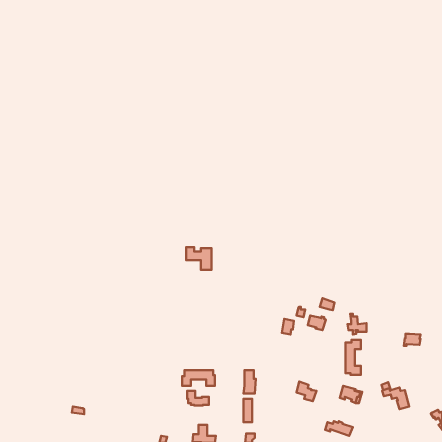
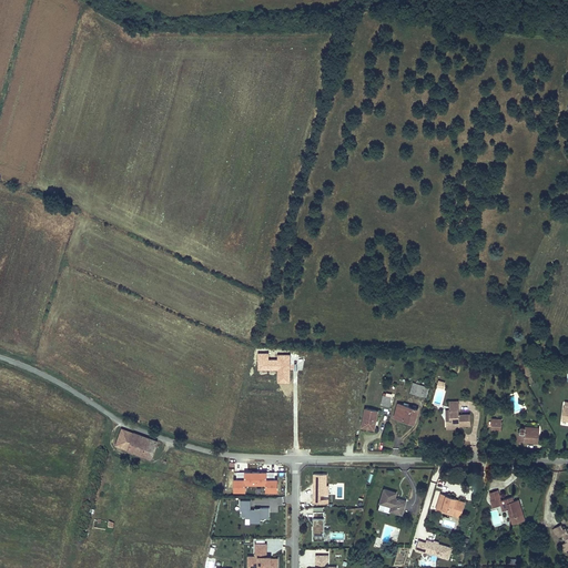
building: [186,247,211,270] -> [257,354,290,383]
building: none -> [115,429,156,459]
building: [346,340,361,375] -> none

